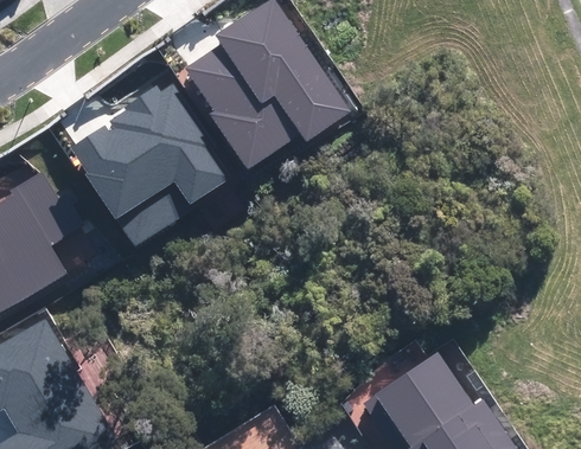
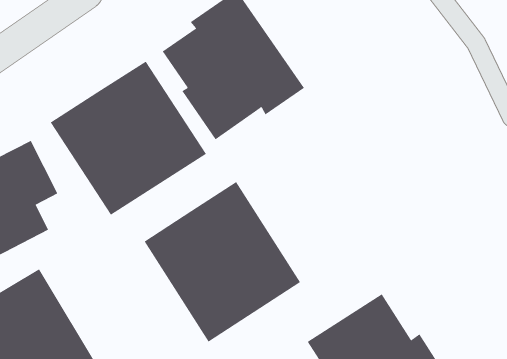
building: none -> [144,181,301,342]

